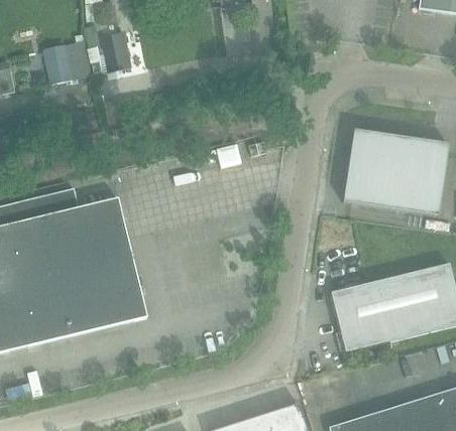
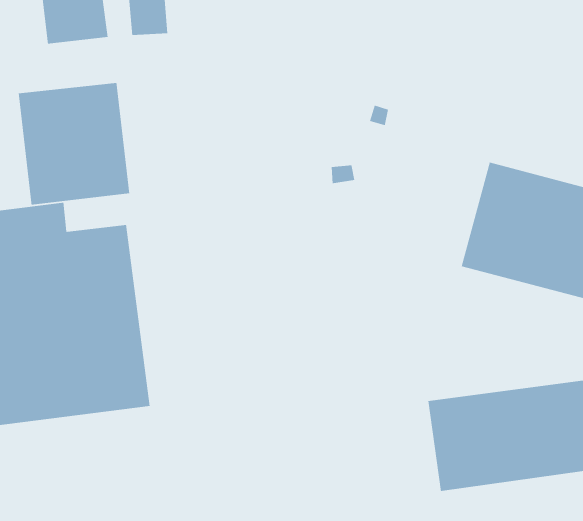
building: none -> [18,82,130,206]

